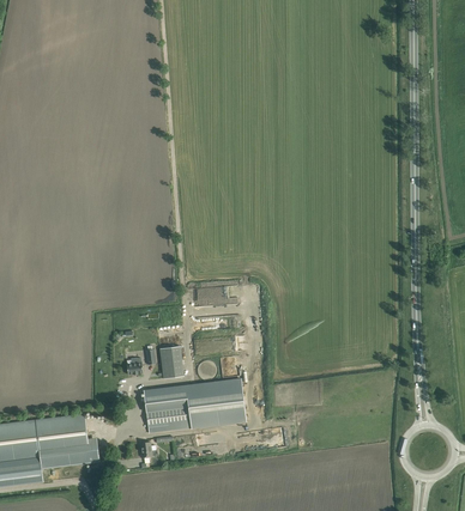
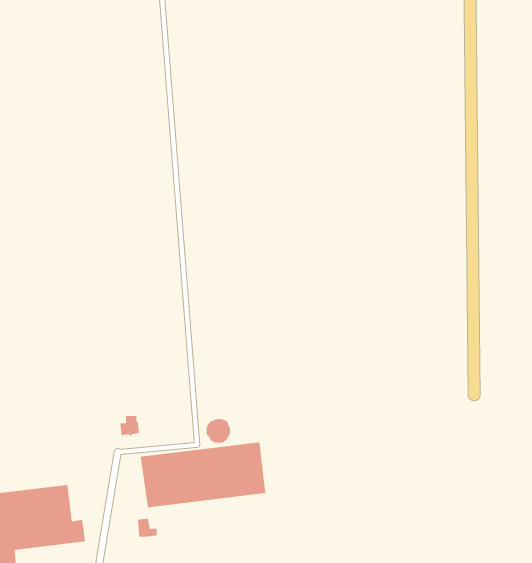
building: [158,345,182,377] -> none

